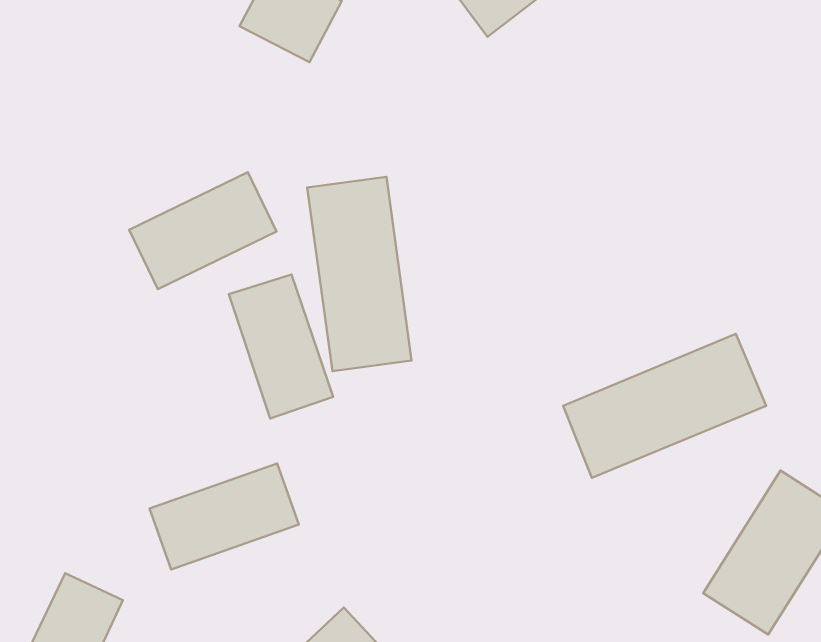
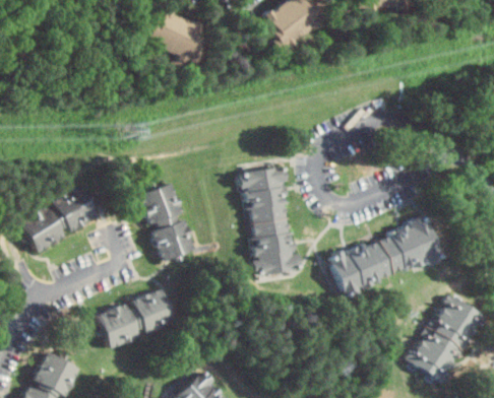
building: [129,172,277,289] -> [16,185,100,251]
building: [307,177,412,371] -> [239,165,298,275]

